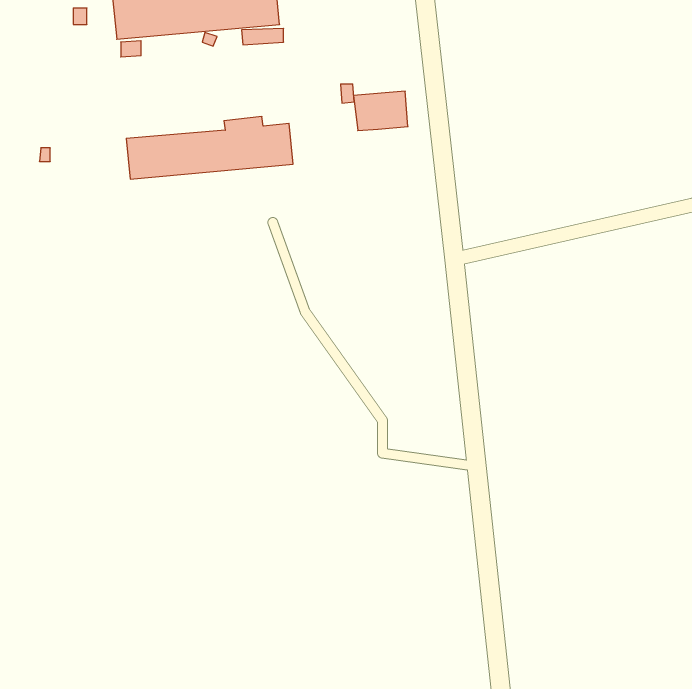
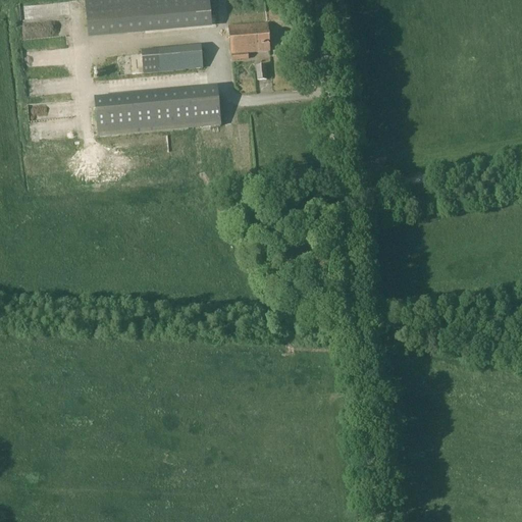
building: none -> [143,46,203,71]
building: [354,91,408,131] -> [229,22,270,52]

